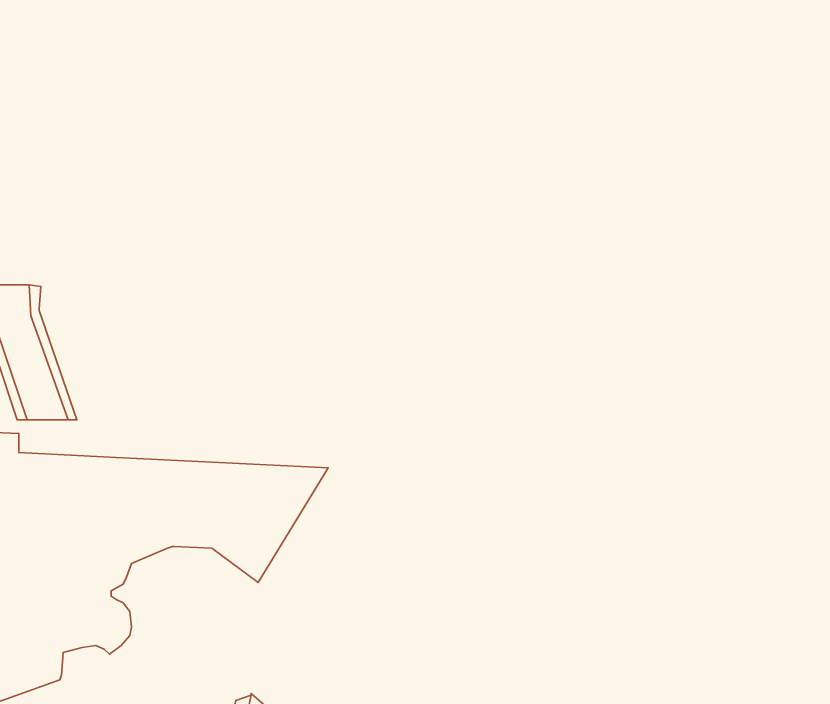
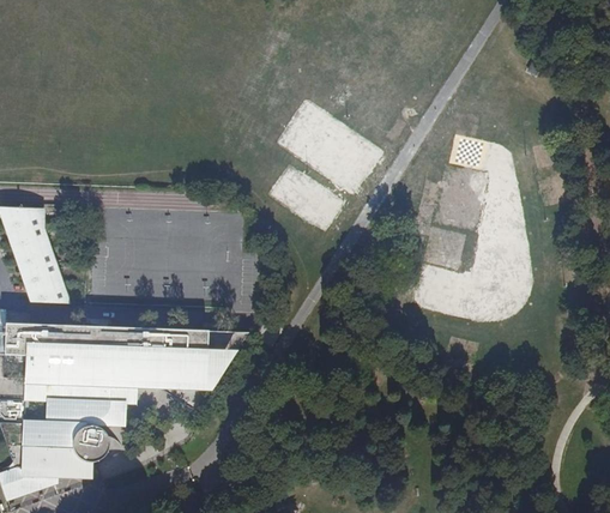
building: none -> [93,390,137,427]
building: none -> [59,459,92,479]

